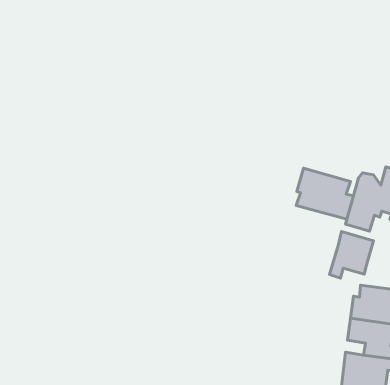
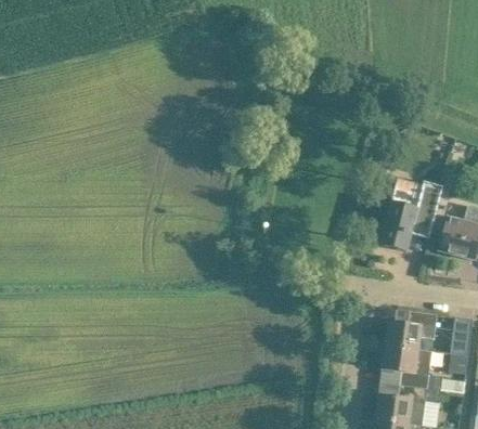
building: [296,168,354,219] -> none
building: [329,231,373,278] -> none

